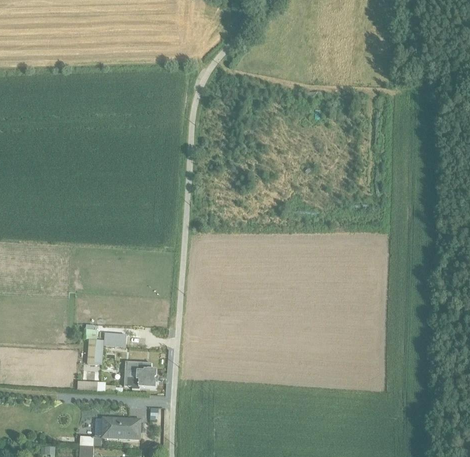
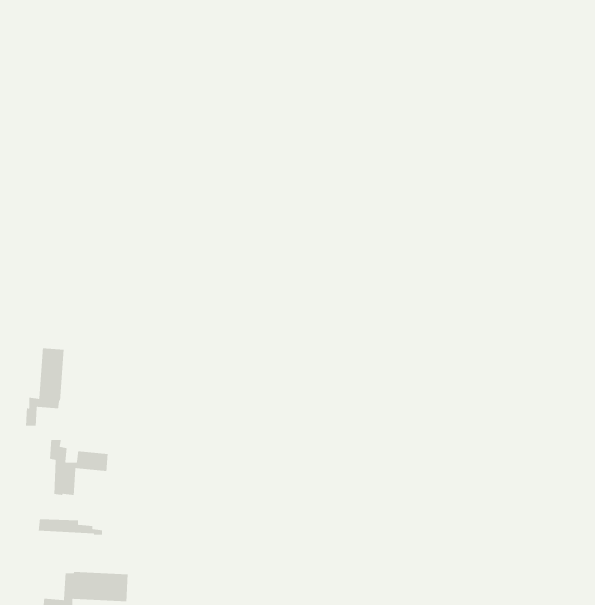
building: none -> [25,347,65,426]
building: [123,360,158,388] -> none

